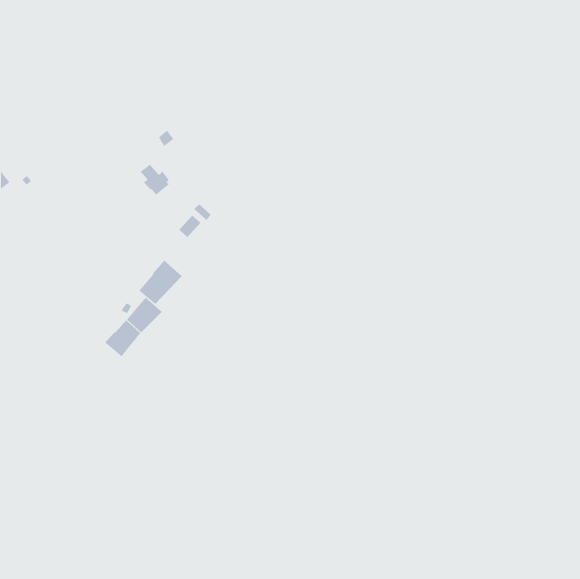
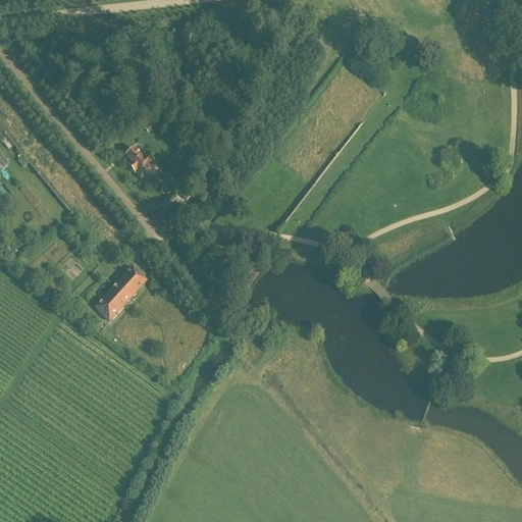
building: [138,260,182,305] -> none

